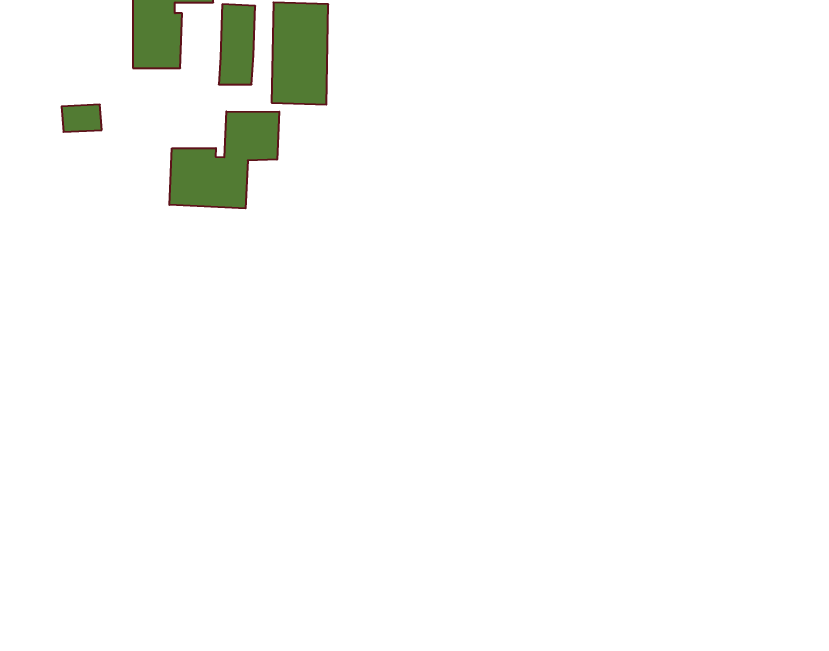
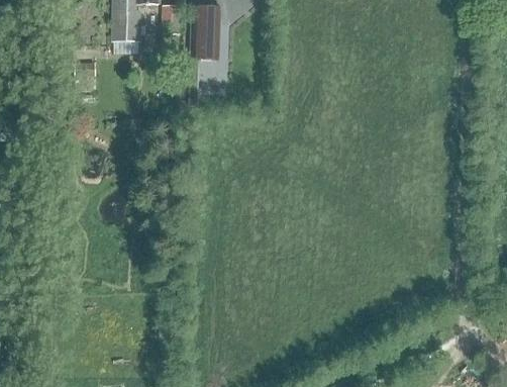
building: [169,111,279,208] -> none

